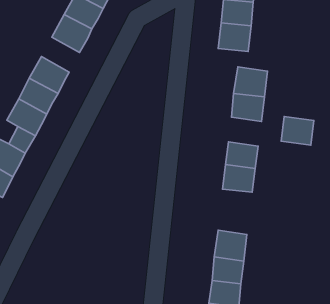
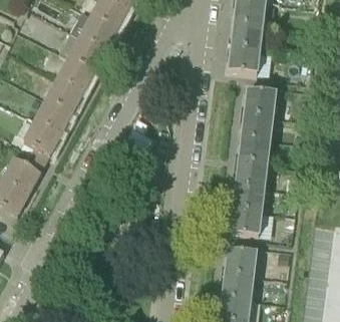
building: none -> [56,56,93,90]
building: [281,117,314,145] -> [239,134,271,163]
building: none -> [230,205,262,233]

